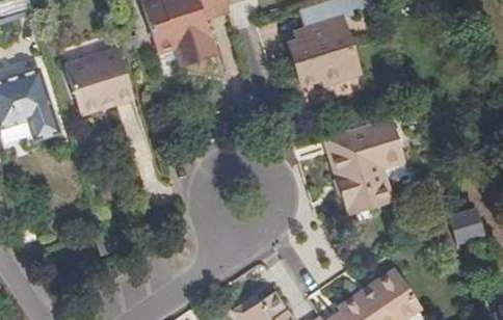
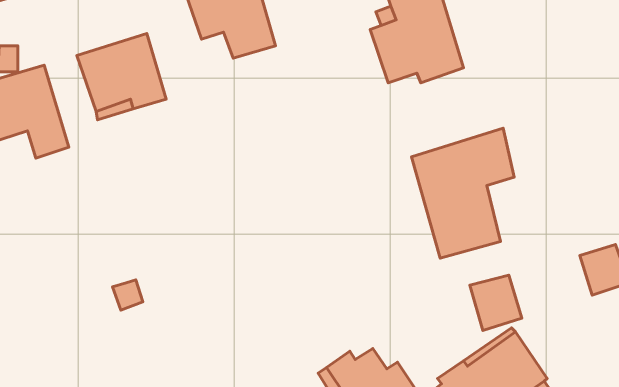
building: none -> [470,275,522,330]

